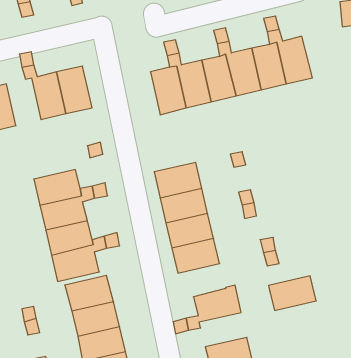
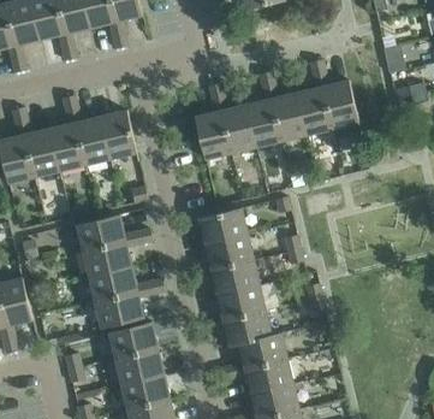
building: none -> [49,123,84,171]
building: none -> [222,311,270,347]
building: [269,276,316,310] -> [244,360,292,395]

